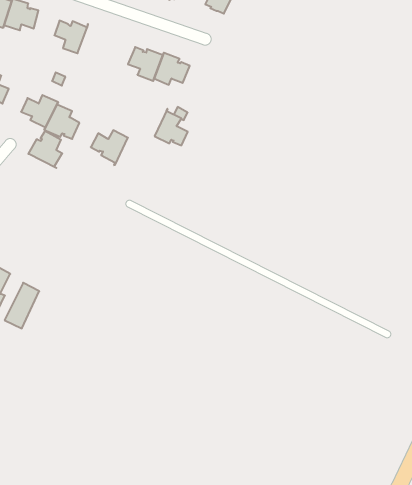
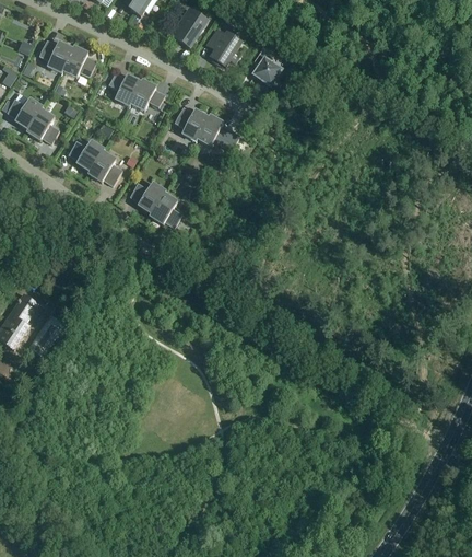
building: none -> [128,80,165,111]
building: [155,109,188,145] -> [150,190,181,227]
building: [28,131,62,168] -> none

